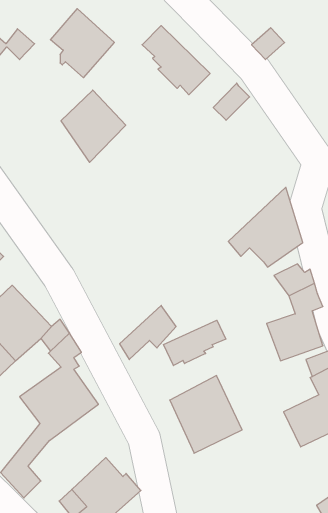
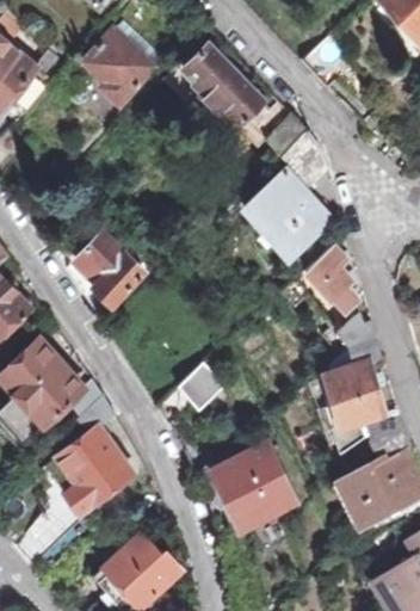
building: [61,90,126,162] -> [68,236,141,317]
building: none -> [248,132,332,258]
building: [163,320,226,366] -> none

